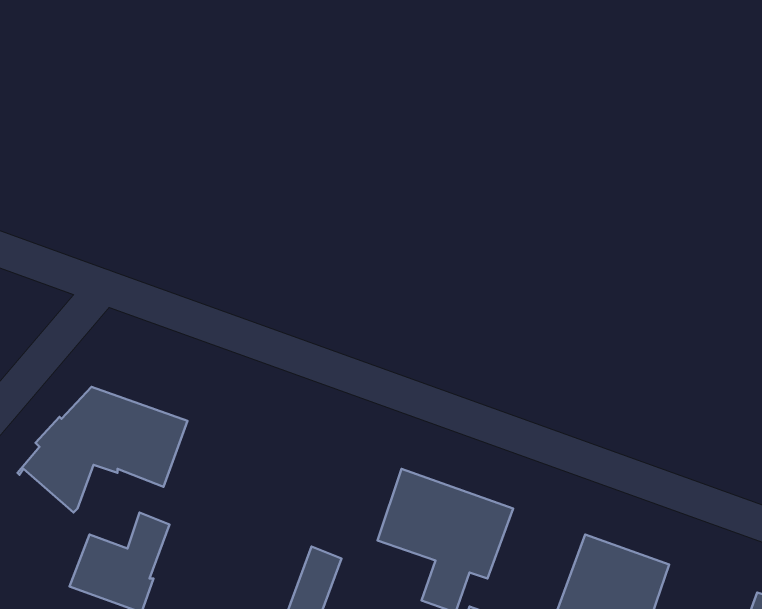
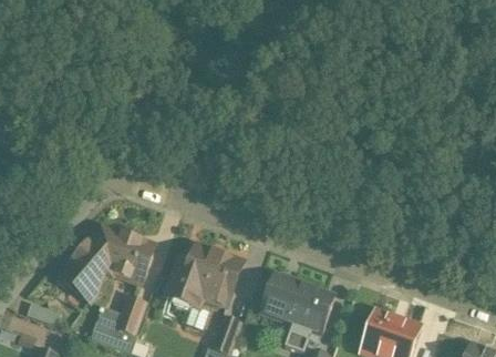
building: none -> [166,245,242,309]

